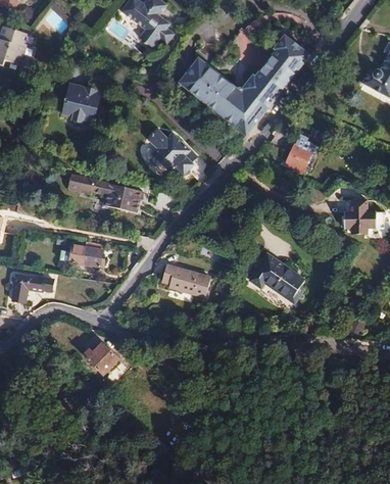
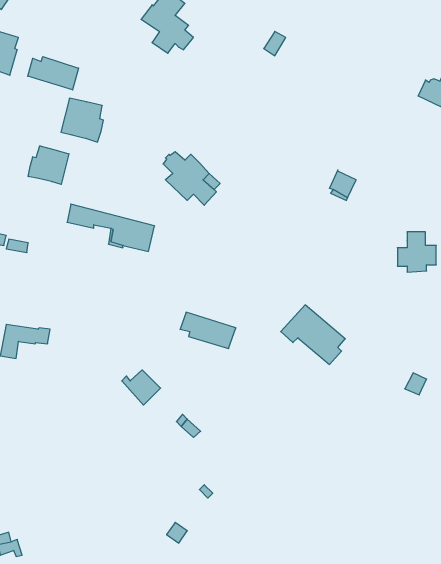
building: [180,37,308,135] -> none
building: none -> [28,57,79,90]
building: none -> [28,146,69,184]
building: [60,241,103,268] -> none
building: [86,342,118,372] -> [122,370,161,405]

